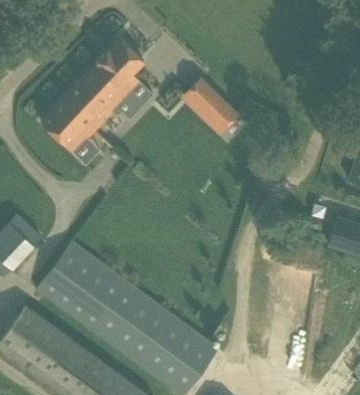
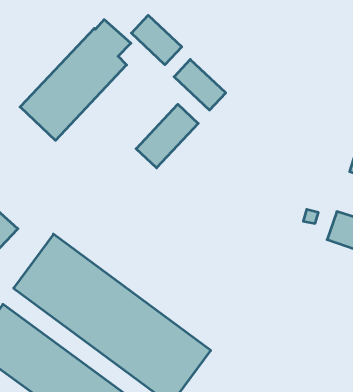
building: none -> [131,15,182,65]
building: none -> [136,104,198,168]

